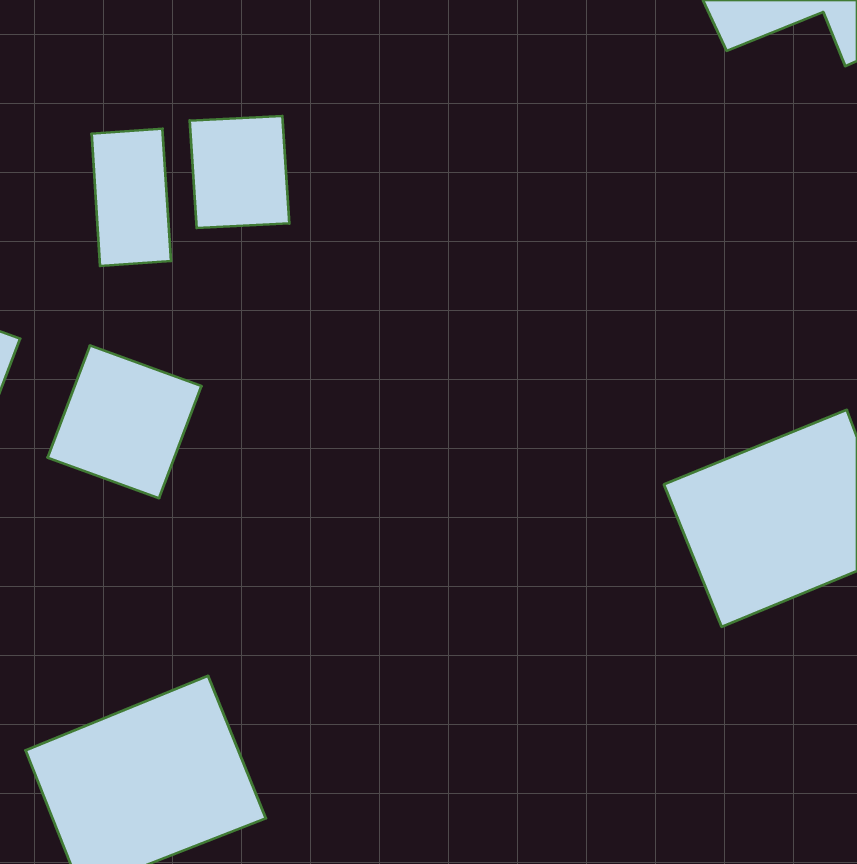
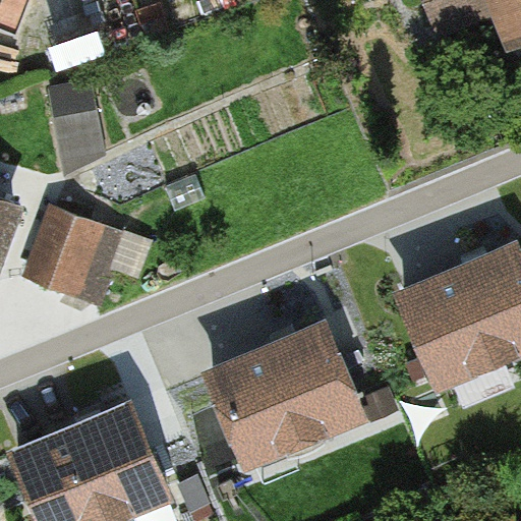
building: [190,116,289,228] -> none
building: none -> [211,327,355,457]

